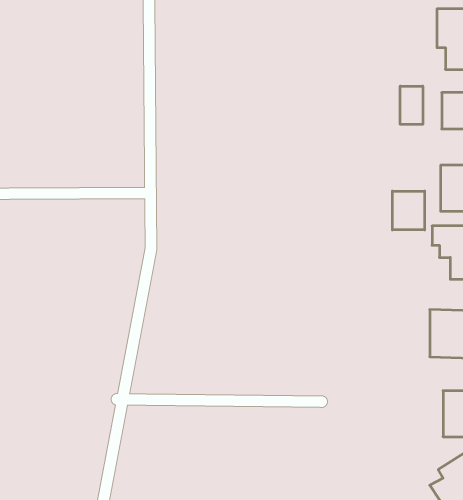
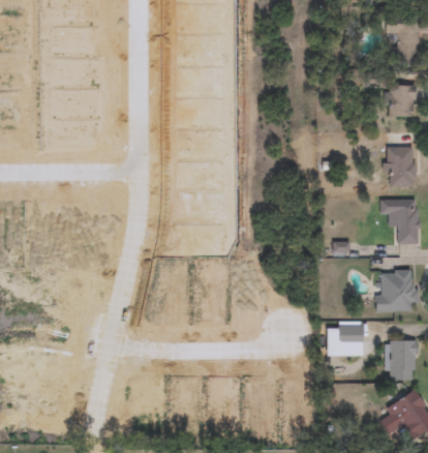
building: [400,86,423,124] -> none
building: [392,191,425,230] -> none
building: none -> [327,326,363,356]

